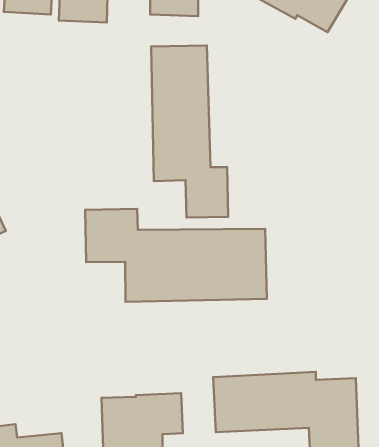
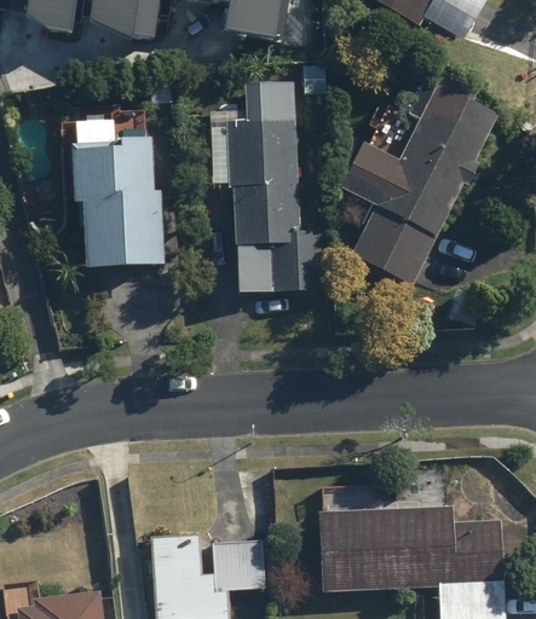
building: none -> [338,82,492,284]
building: none -> [59,120,163,276]
building: [85,209,267,302] -> none

